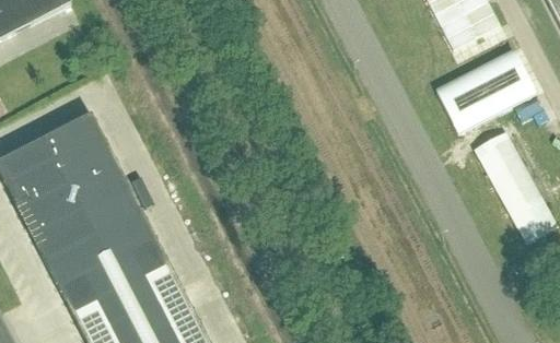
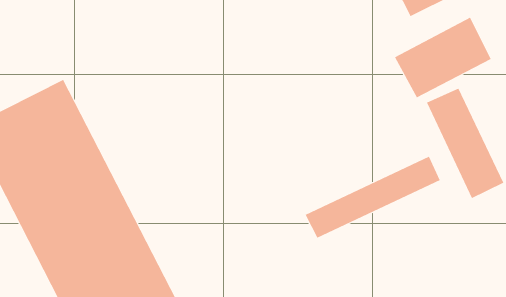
building: none -> [305,156,440,239]

